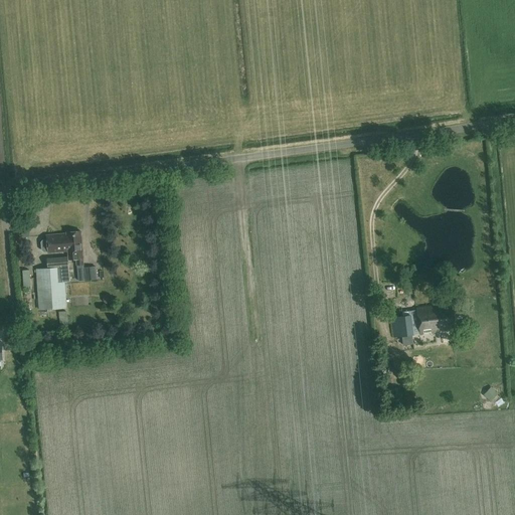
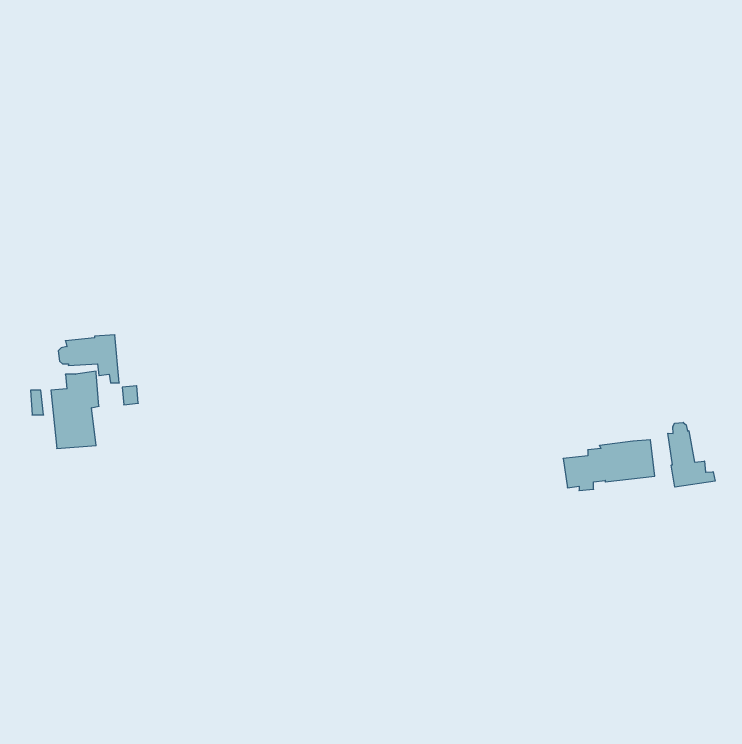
building: none -> [668,422,715,487]

